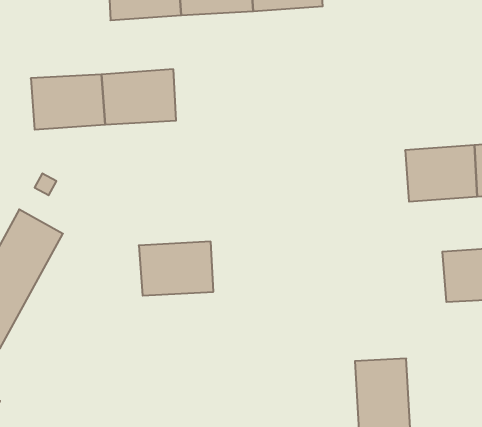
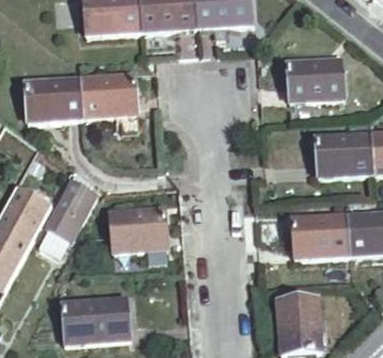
building: none -> [286,57,345,100]
building: none -> [36,176,94,260]
building: none -> [293,216,348,259]
building: none -> [63,298,130,342]

